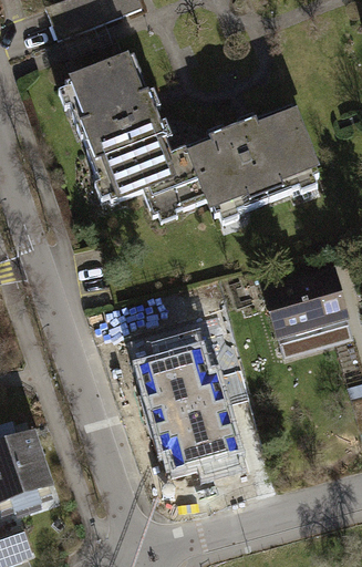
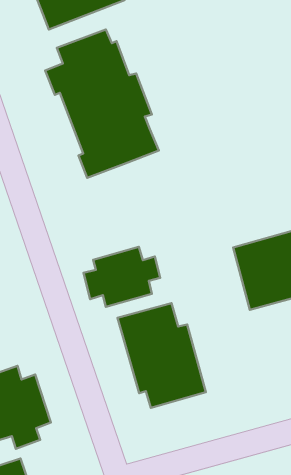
building: [141,104,324,219] -> none
building: none -> [83,247,160,307]

